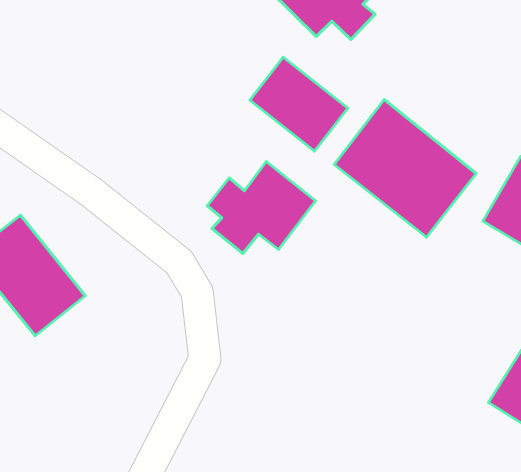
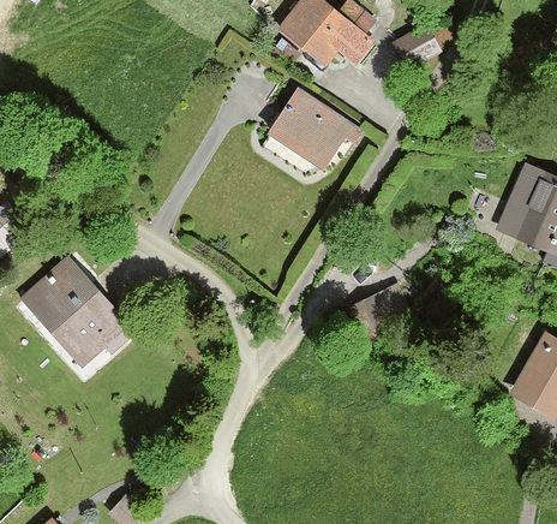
building: [334,99,476,237] -> none
building: [207,161,316,253] -> none

